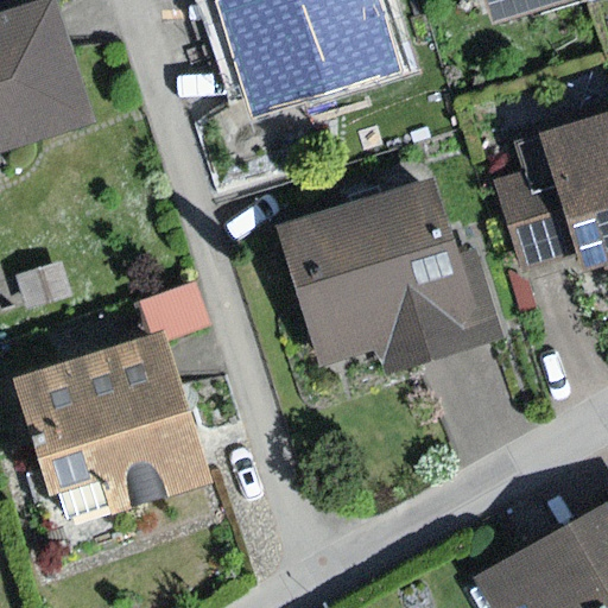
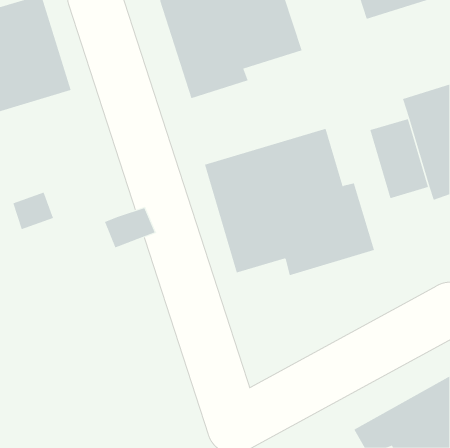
building: [19,332,215,526] -> none

